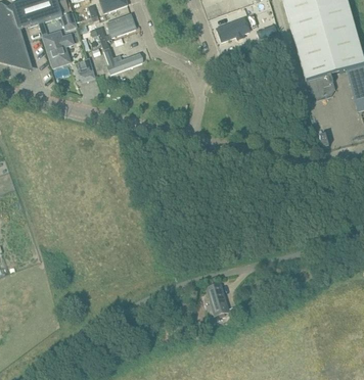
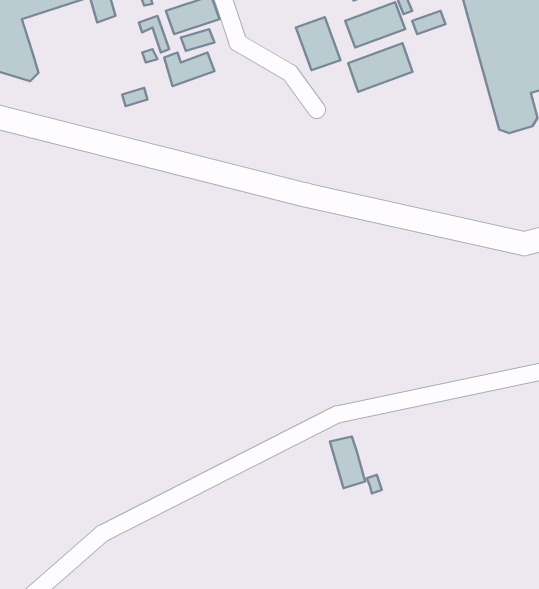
building: none -> [296,17,340,70]
building: [43,30,73,65] -> none
building: none -> [348,43,412,92]

